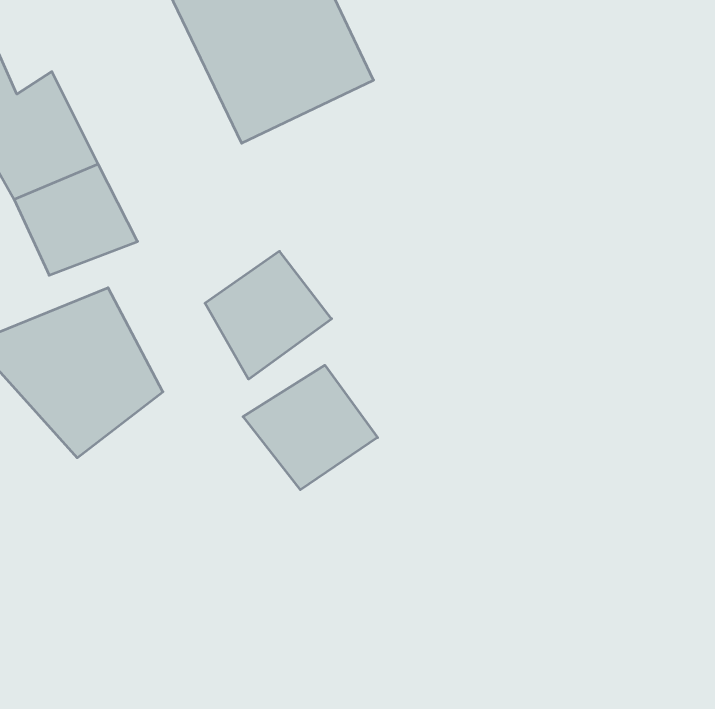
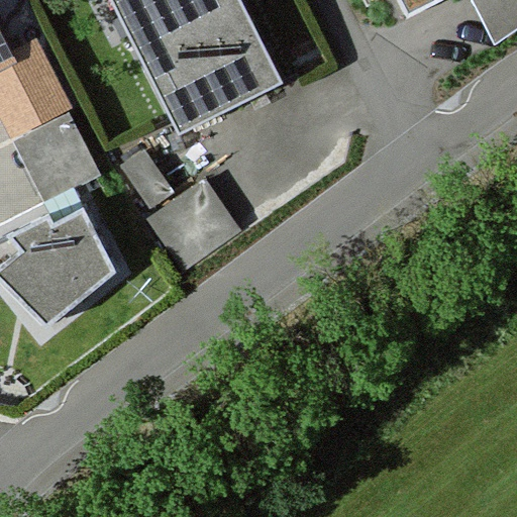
building: [243,365,378,490] -> none

